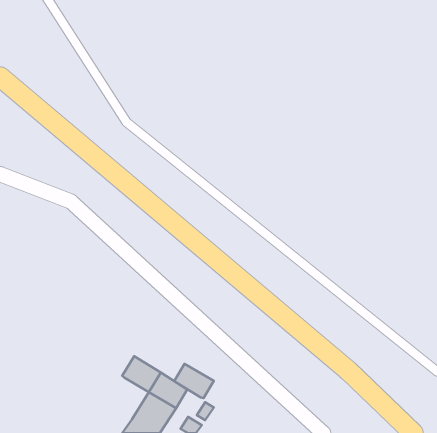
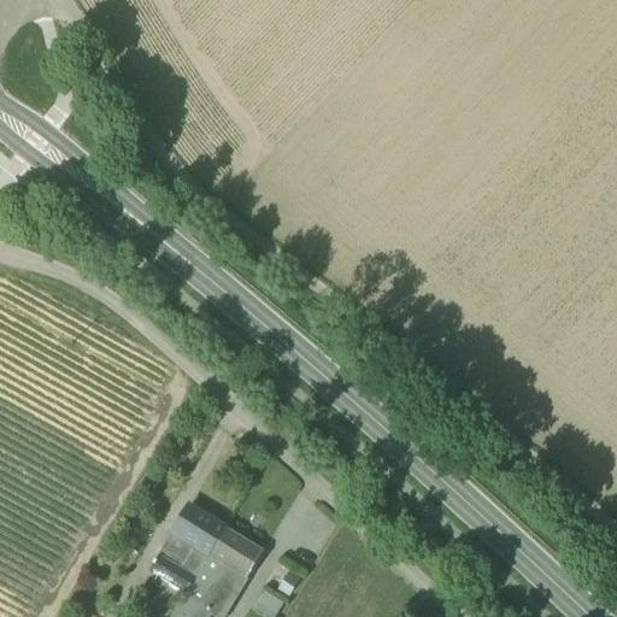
building: [174,364,214,398] -> none
building: none -> [151,533,210,592]

